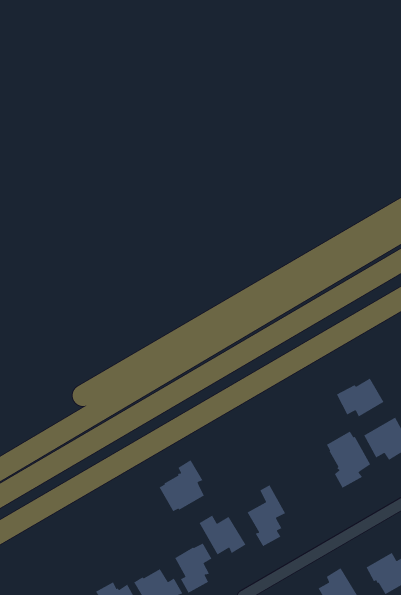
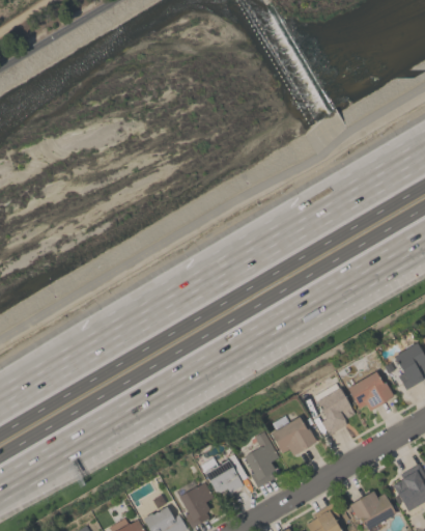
building: [336,377,384,417] -> none
building: [158,459,205,512] -> none
building: none -> [272,416,317,455]

